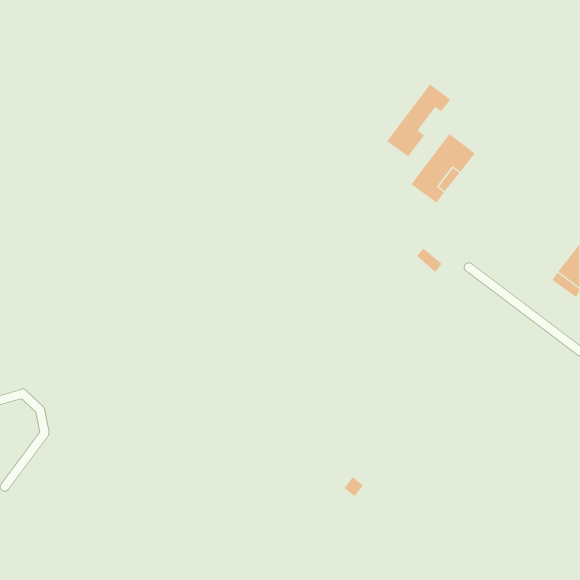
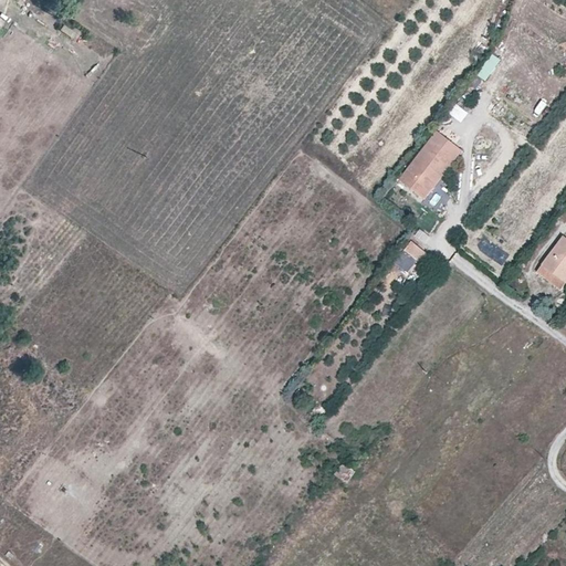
building: [386,83,451,157] -> none

